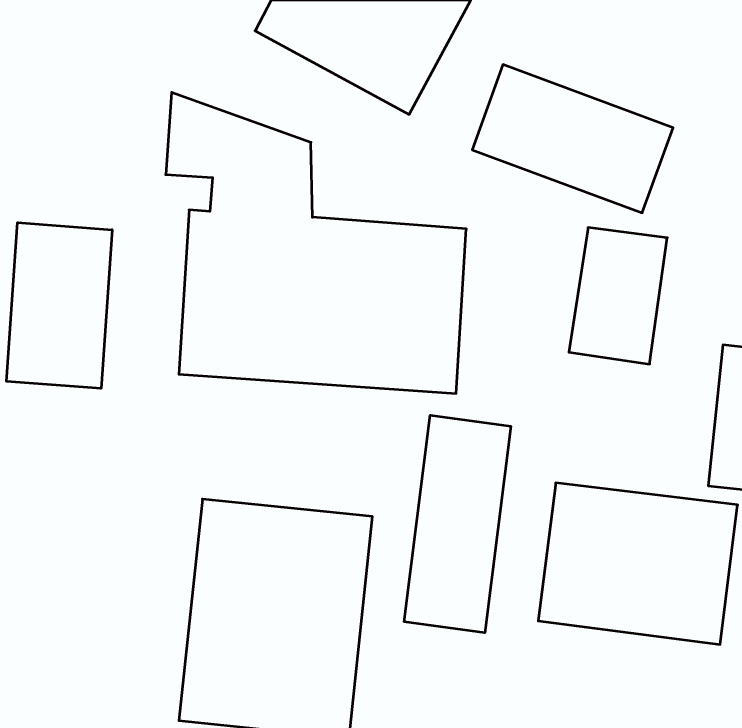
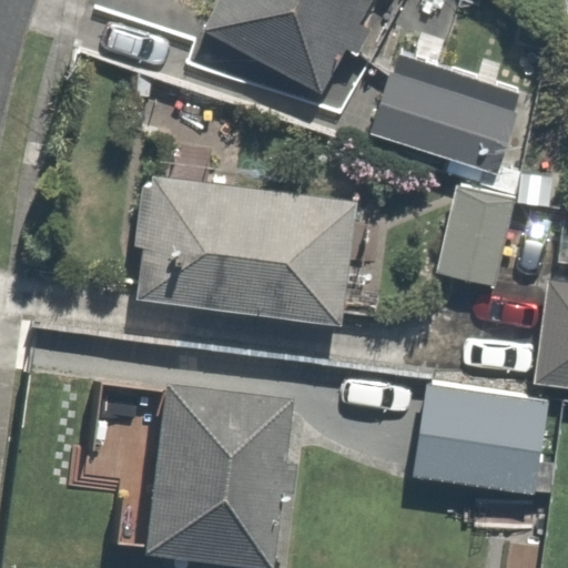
building: [7,223,112,388] -> none
building: [404,415,511,633] -> none

